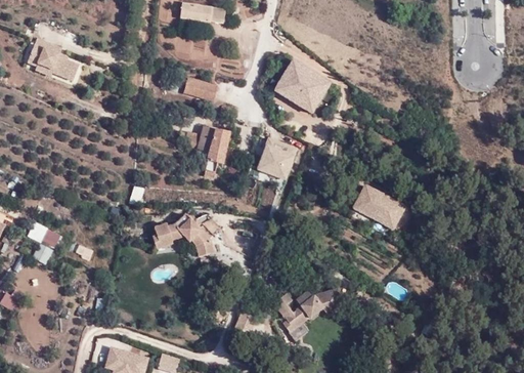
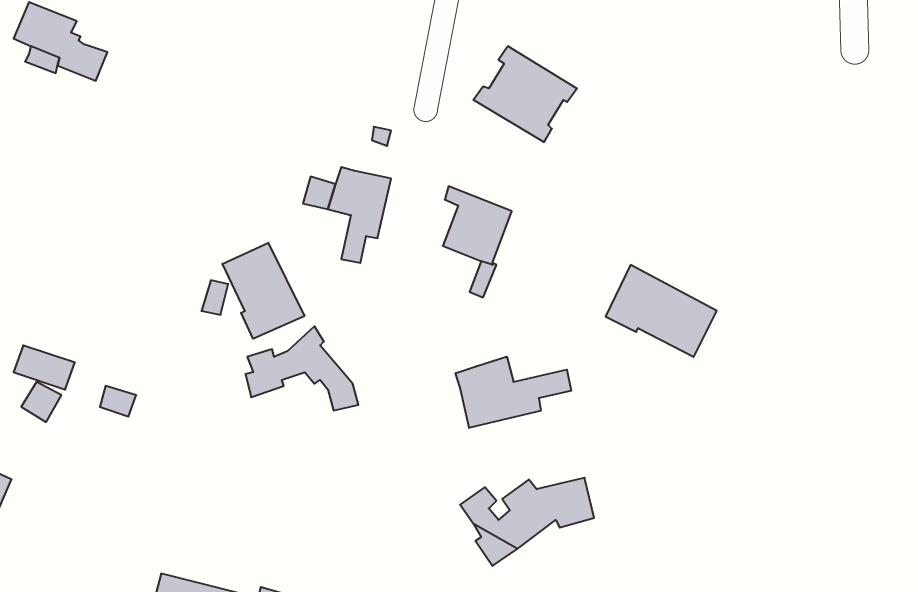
building: [184,76,218,100] -> none
building: none -> [222,243,304,339]
building: none -> [456,357,571,428]

